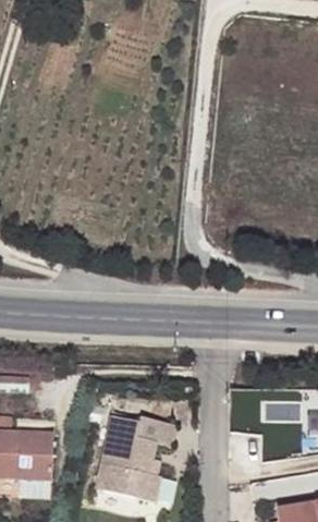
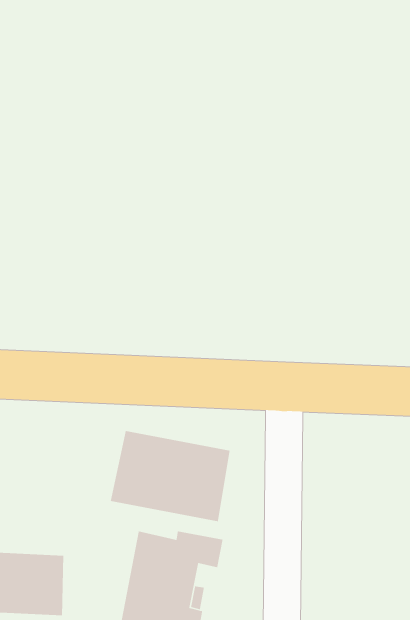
building: none -> [110,430,231,522]

